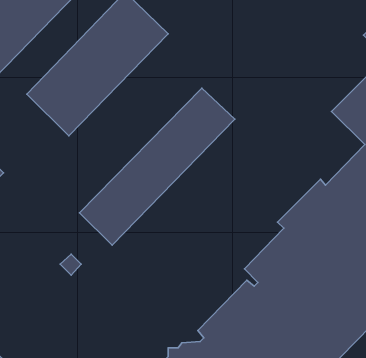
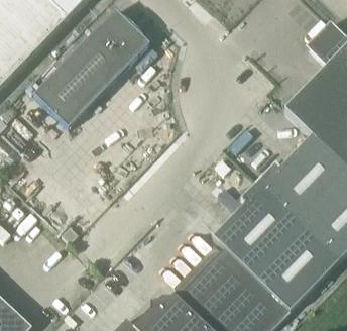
building: [79,88,235,245] -> none

